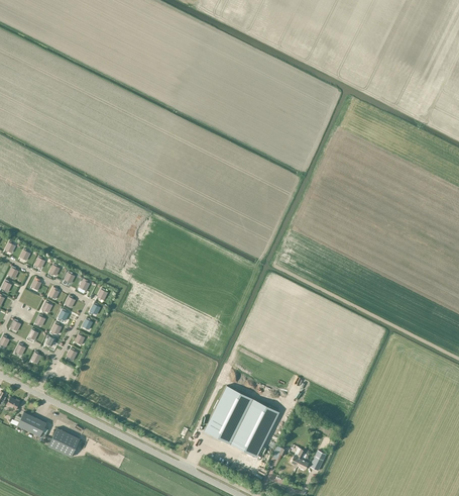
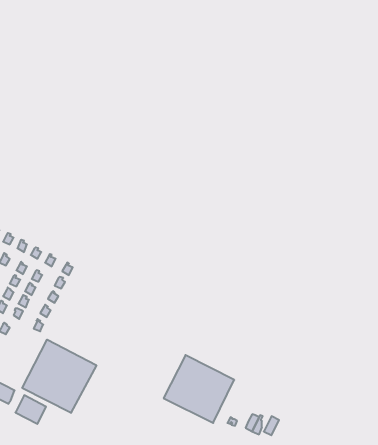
building: none -> [22,340,96,413]

